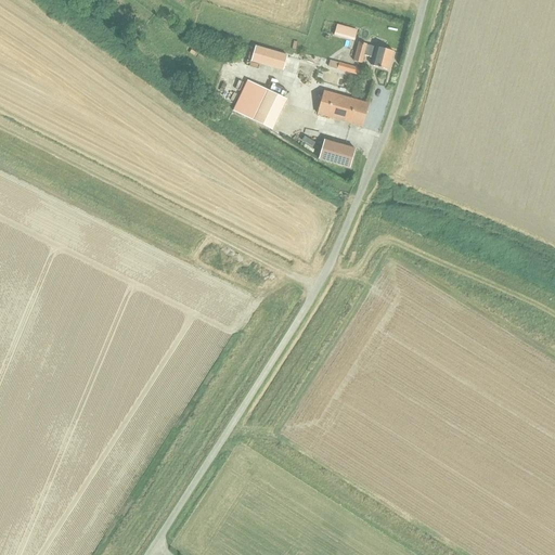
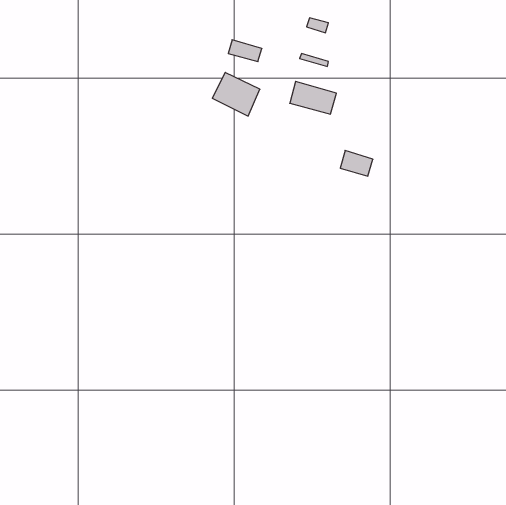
building: [353,41,392,68] -> none
building: [318,138,353,166] -> [340,150,373,176]

